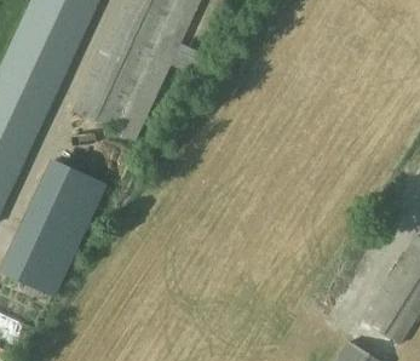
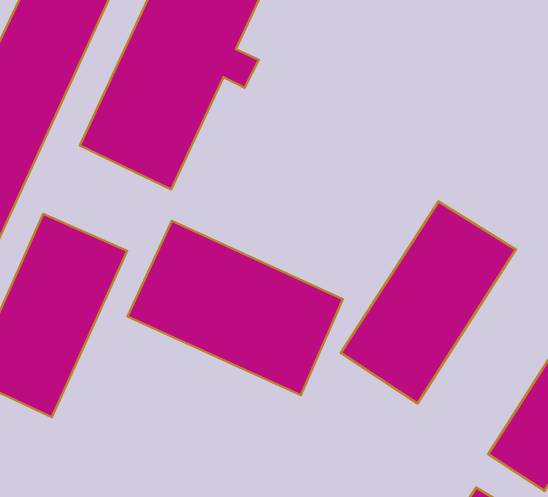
building: none -> [341,202,516,403]
building: none -> [127,221,343,395]

